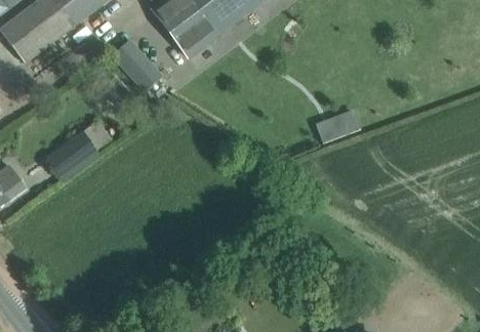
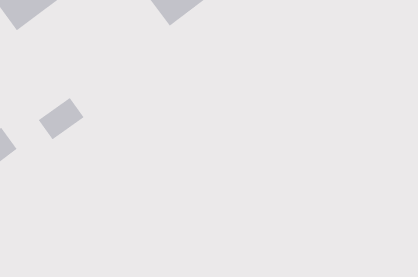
building: [112,40,165,94] -> none
building: [313,111,359,143] -> none

